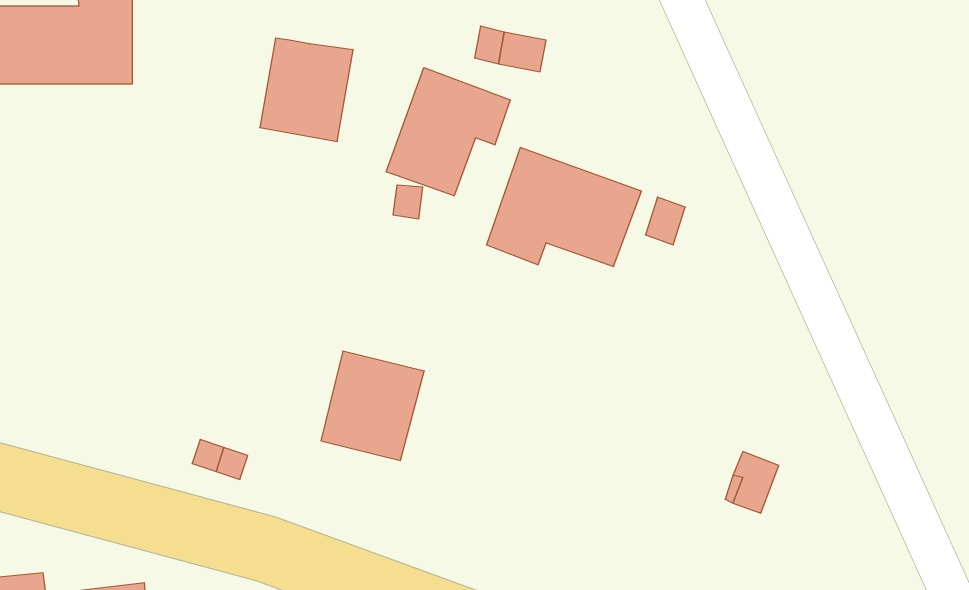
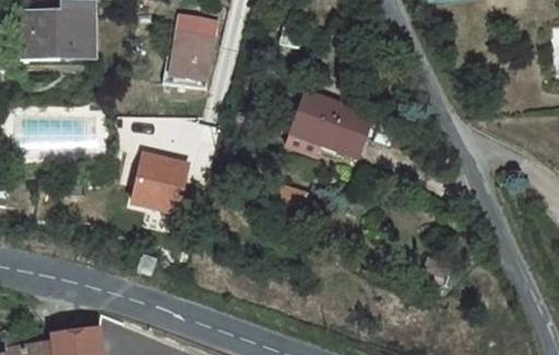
building: [386,68,510,196] -> none
building: [321,351,424,461] -> [132,156,189,216]

